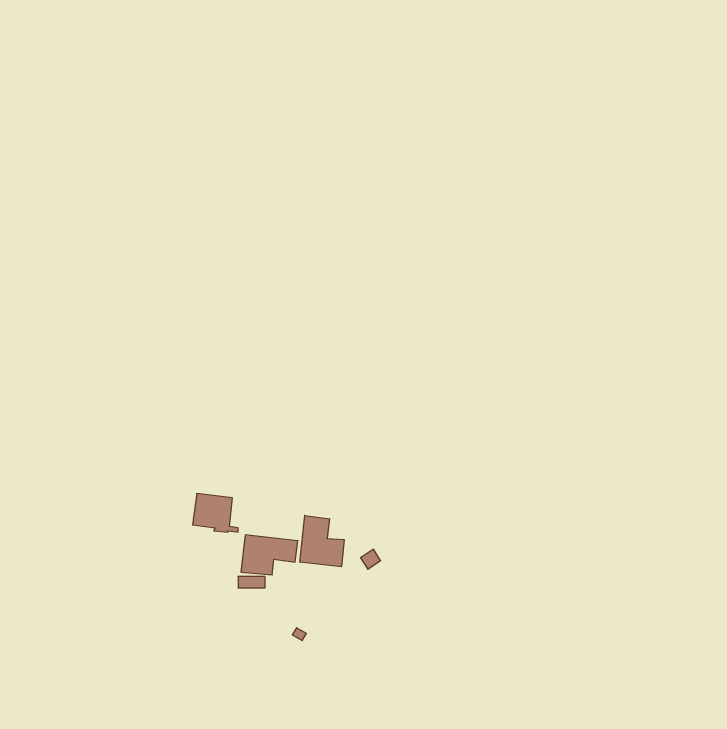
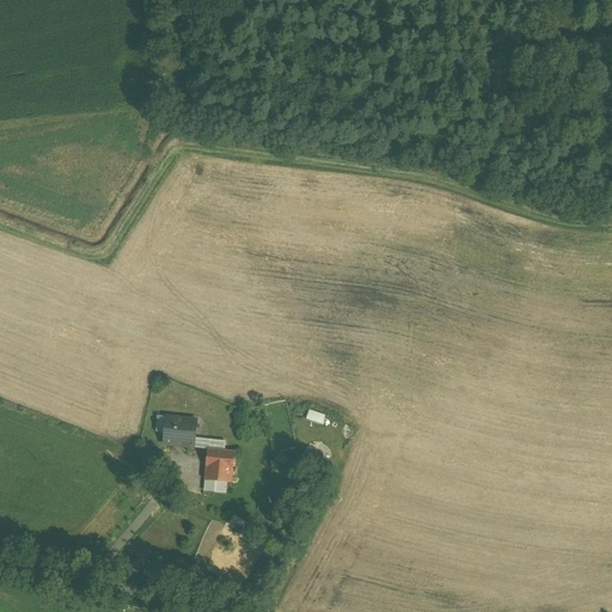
building: [300,515,344,567] -> none

